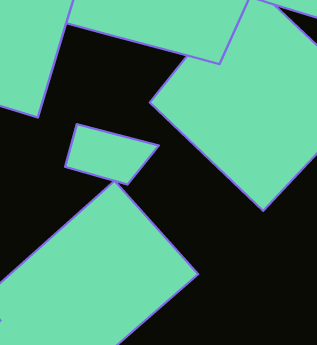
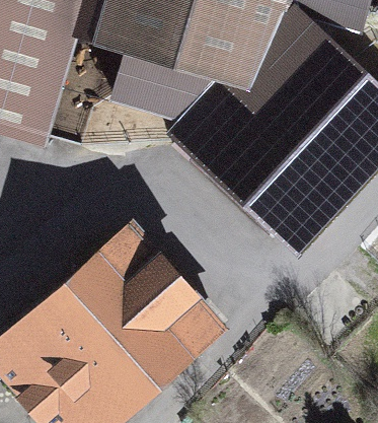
building: [65,124,159,184] -> [109,49,216,118]

